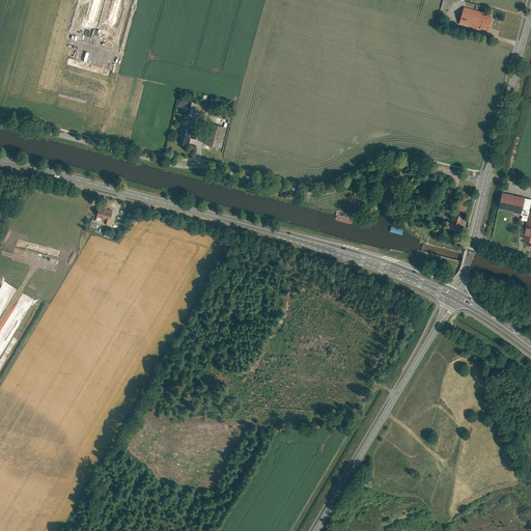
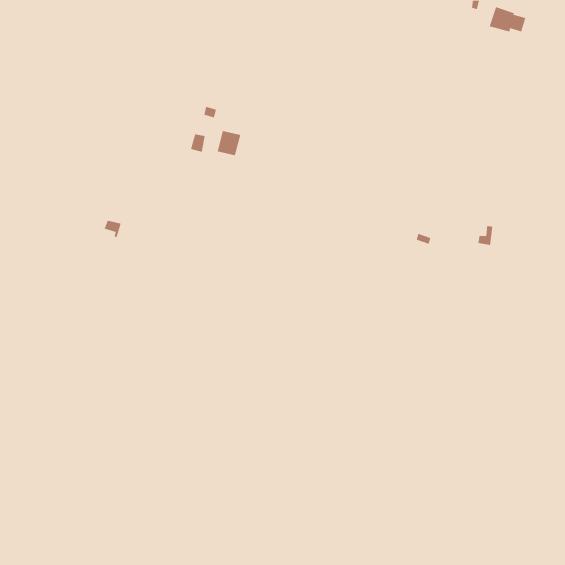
building: [499,193,526,214] -> none

